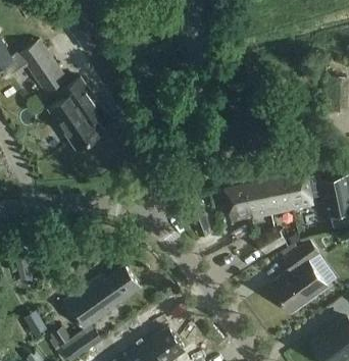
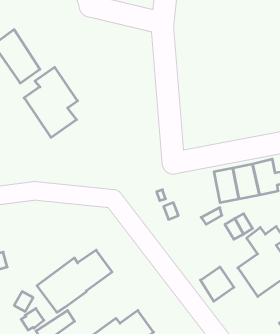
building: [225,186,252,221] -> none
building: none -> [200,267,234,301]

